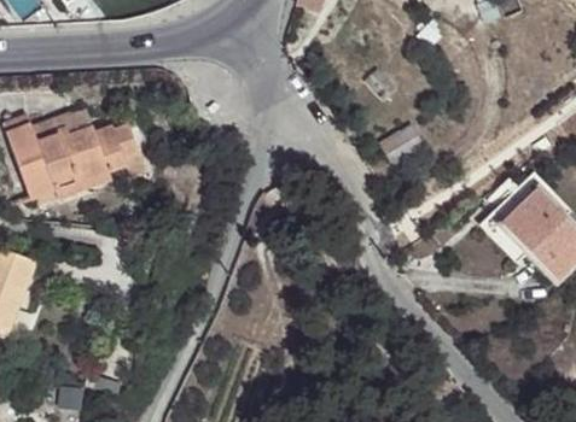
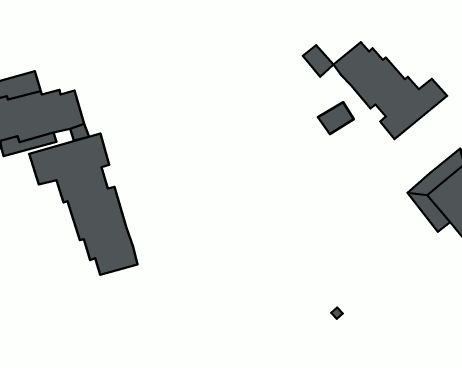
building: none -> [334,42,447,139]
building: none -> [29,133,137,275]

